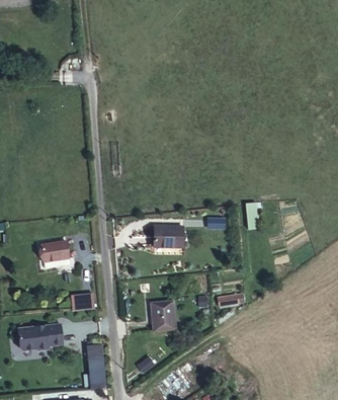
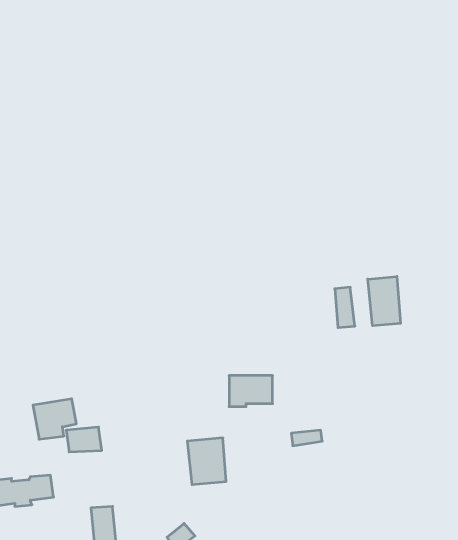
building: none -> [368,276,401,326]
building: [154,226,182,246] -> [229,376,273,407]
building: [40,240,69,266] -> [33,399,76,439]

